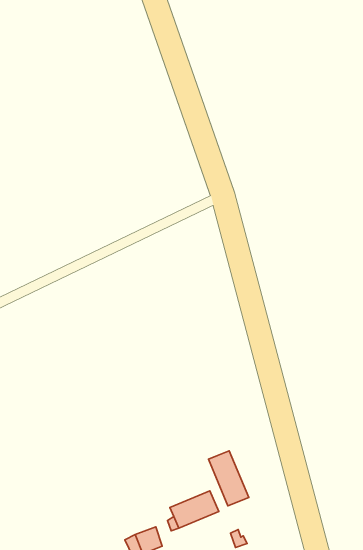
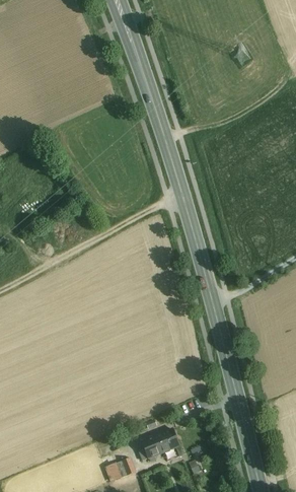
building: [208,451,249,506] -> none

